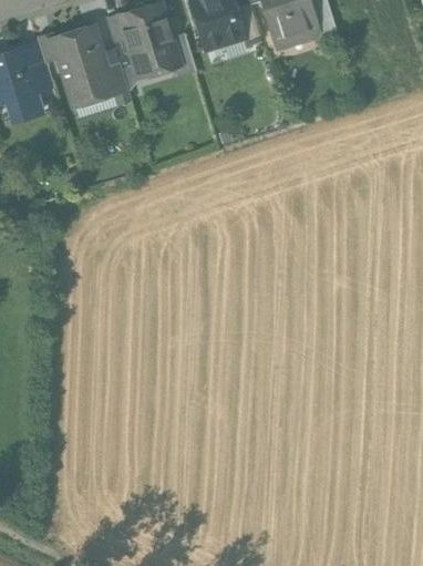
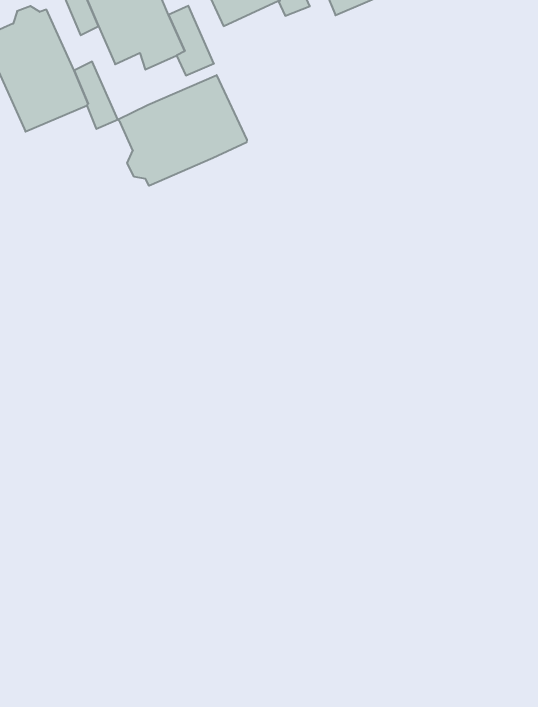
building: none -> [118,75,247,186]

